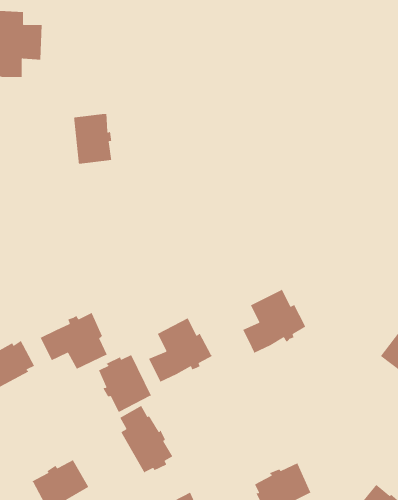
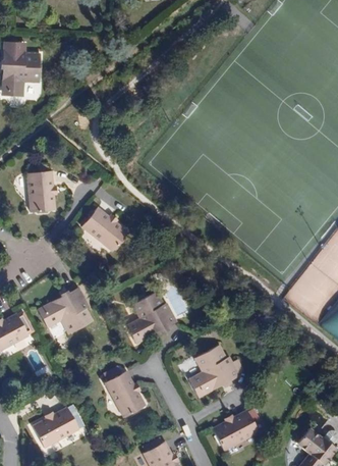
building: [73,113,112,164] -> [25,172,57,214]
building: none -> [81,207,129,253]
building: [242,288,306,353] -> [188,345,240,398]
building: [98,354,152,412] -> none

